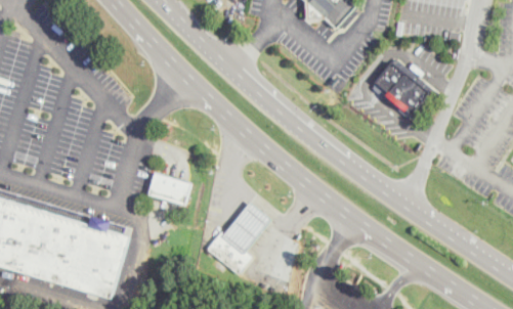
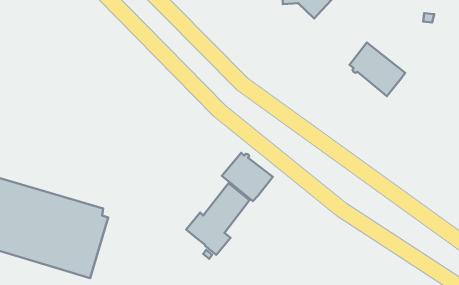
building: none -> [222,153,273,201]
building: [146,173,190,206] -> none

